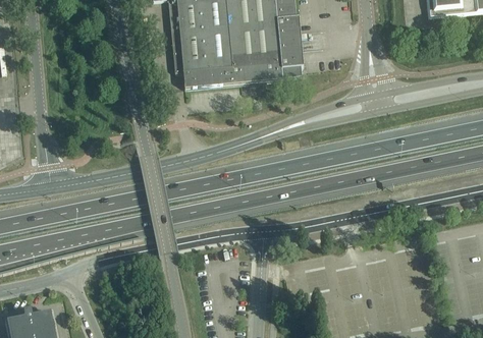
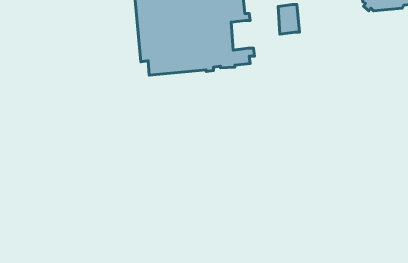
building: [278,26,303,60] -> [278,5,300,34]

